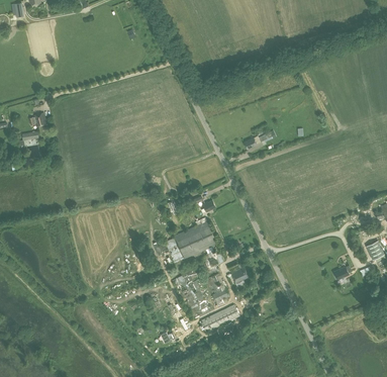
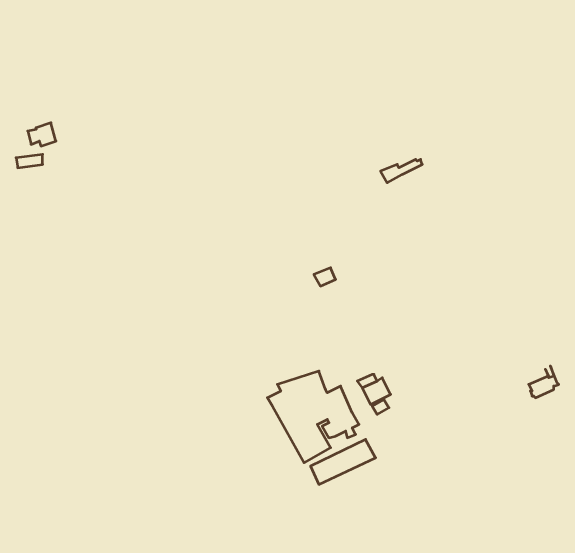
building: [173,220,217,259] -> none

